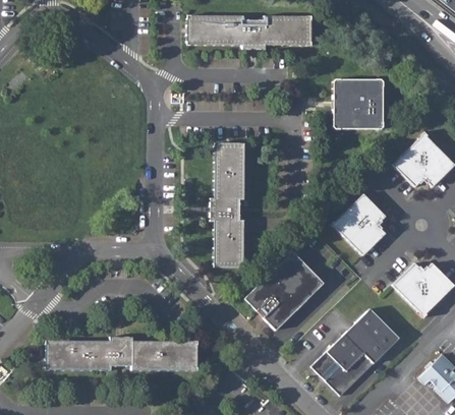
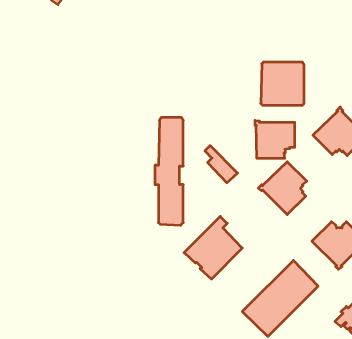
building: [187,16,311,49] -> none
building: none -> [255,120,295,158]
building: [286,251,324,294] -> [205,146,238,183]
building: [47,337,197,370] -> none

